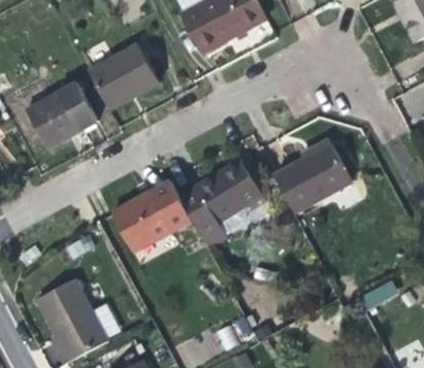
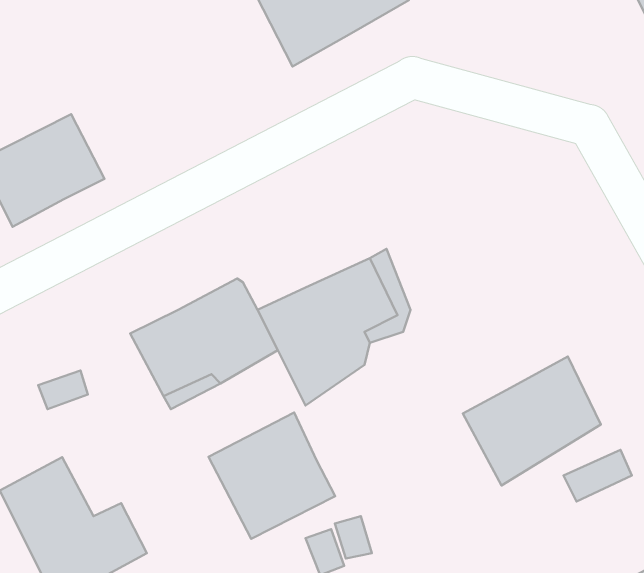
building: [90,44,161,109] -> none
building: [278,150,355,223] -> [463,356,601,485]
building: none -> [209,413,335,539]

